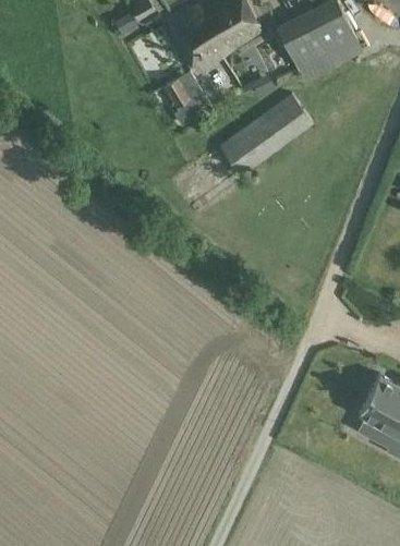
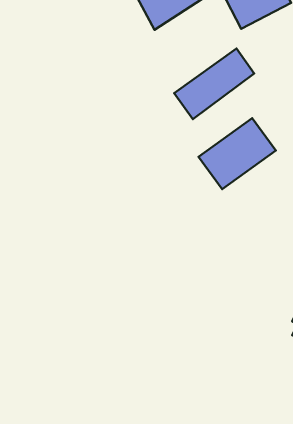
building: [163,71,210,125] -> none
building: none -> [199,118,276,189]

